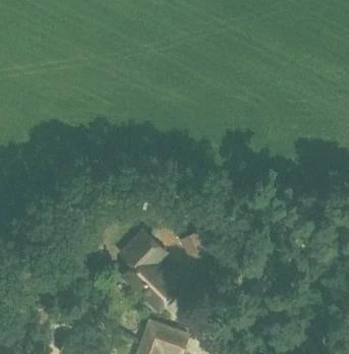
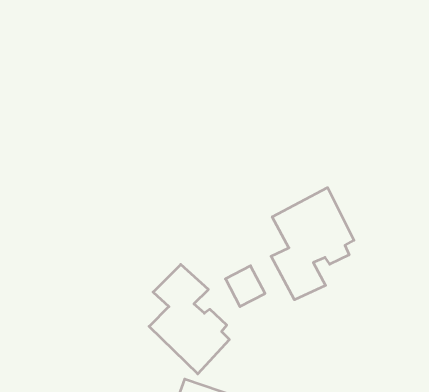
building: none -> [271,188,354,300]

